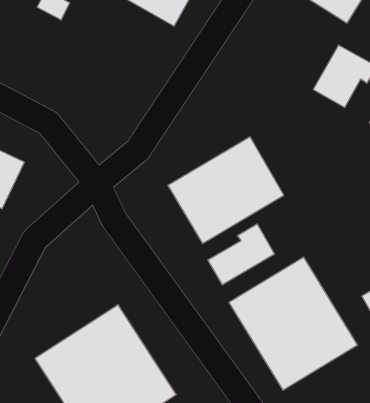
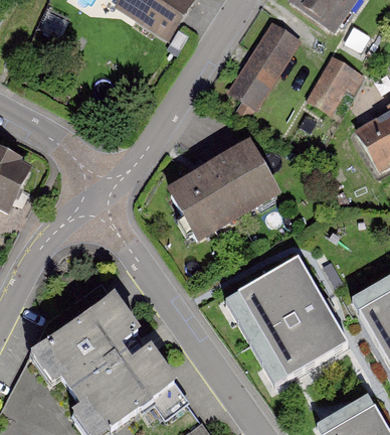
building: none -> [227,20,303,110]
building: [208,224,275,285] -> none

